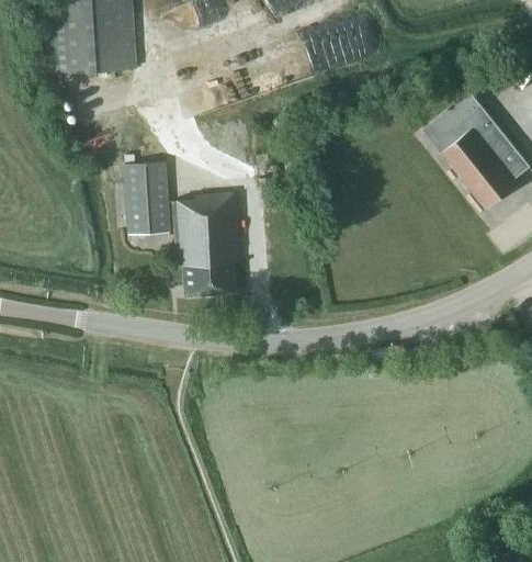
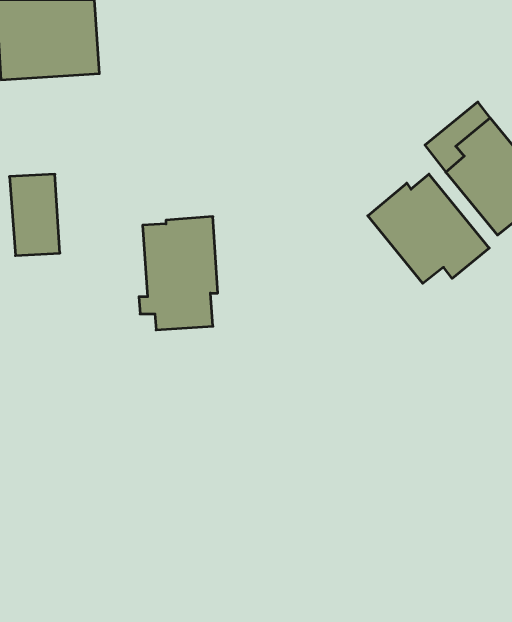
building: none -> [368,174,489,283]
building: [125,162,170,235] -> [9,174,60,256]

